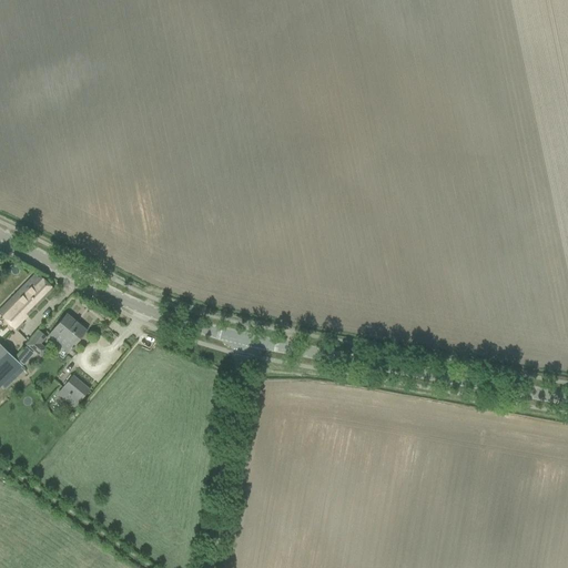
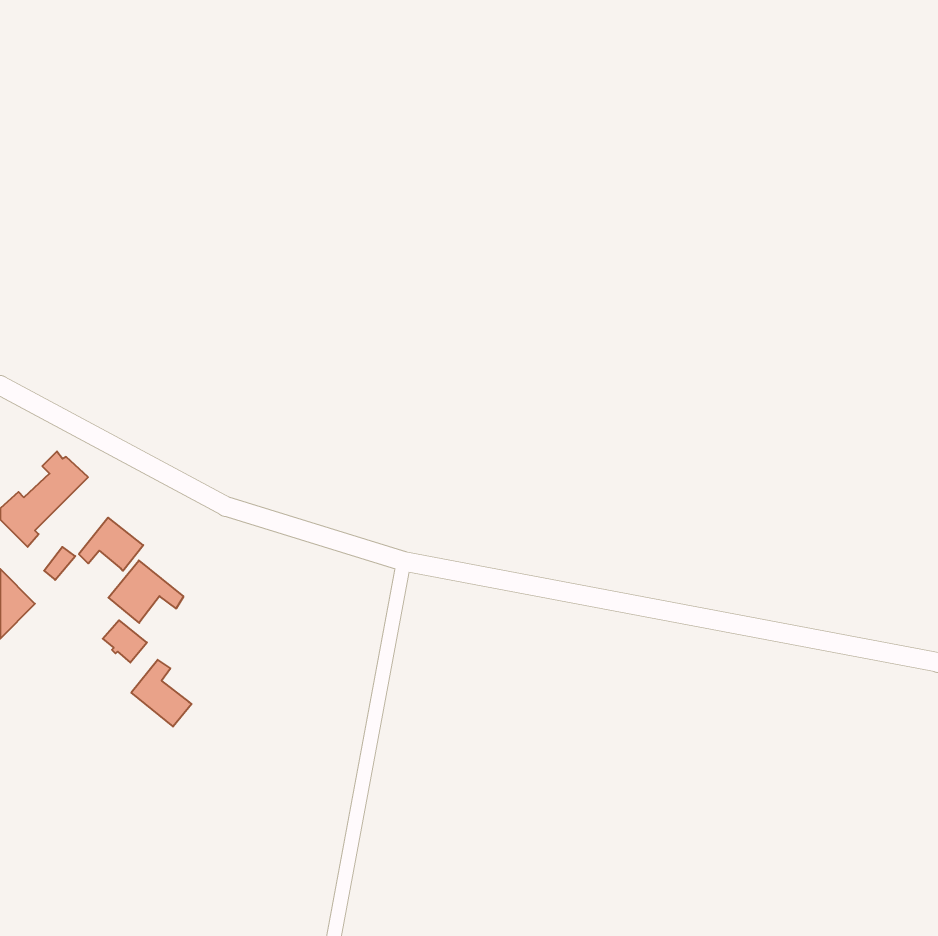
building: none -> [108,560,183,623]
building: none -> [131,660,192,727]

